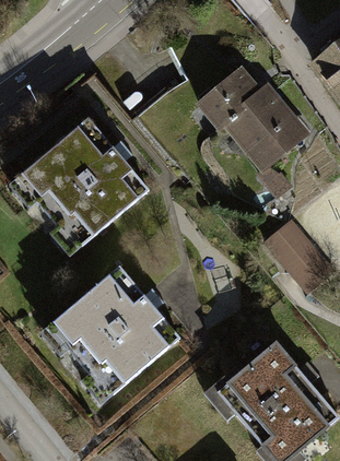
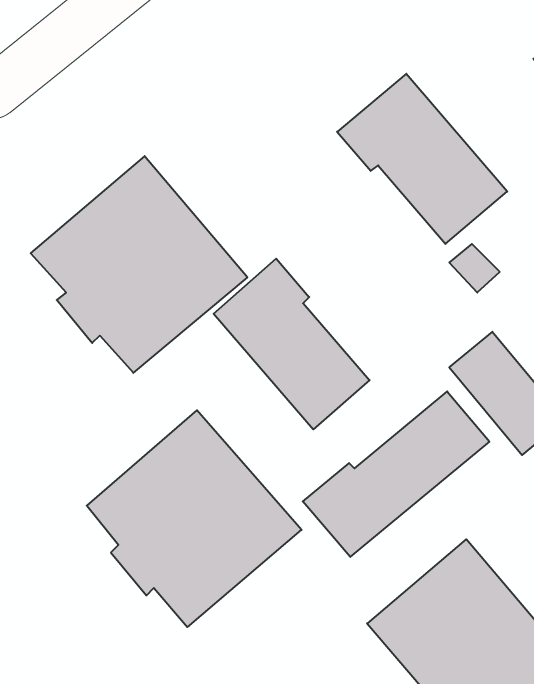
building: none -> [214,259,370,429]
building: none -> [303,391,489,557]

